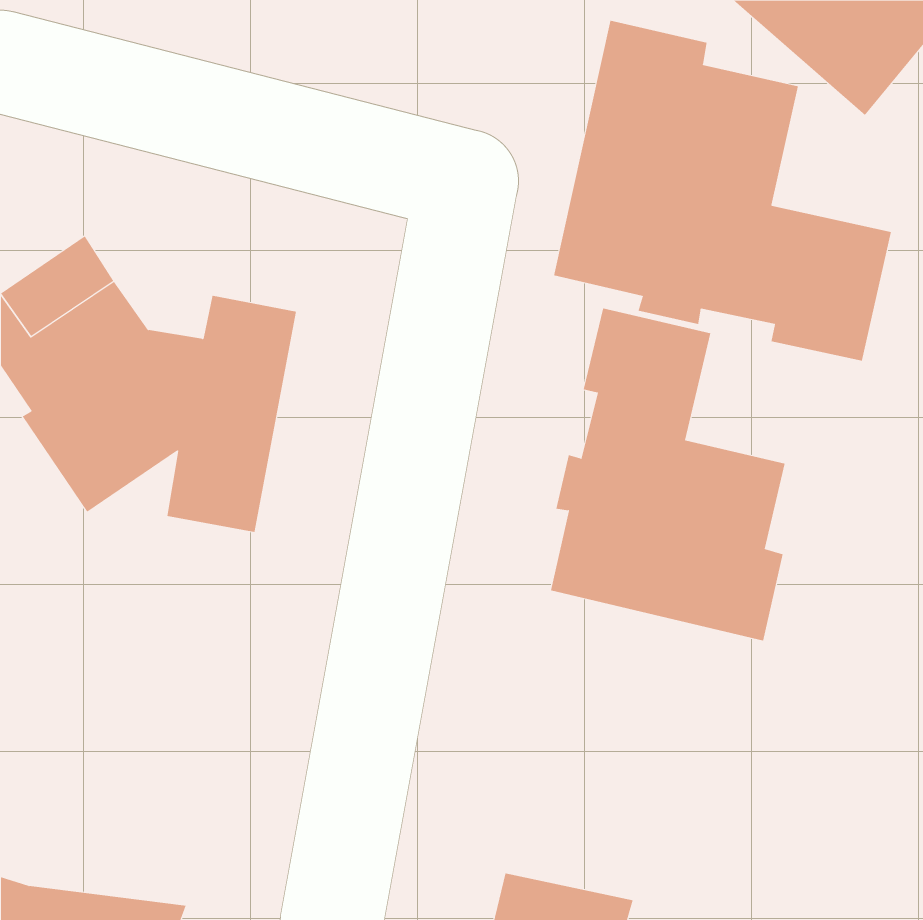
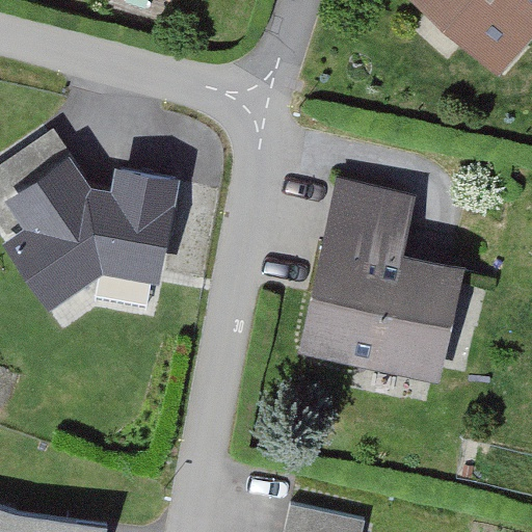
building: [554,20,891,361] -> none

